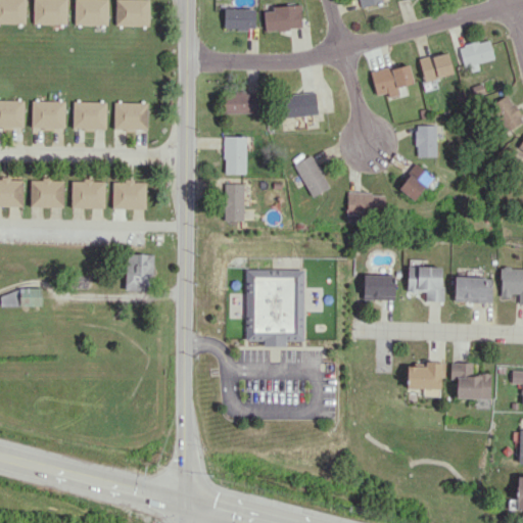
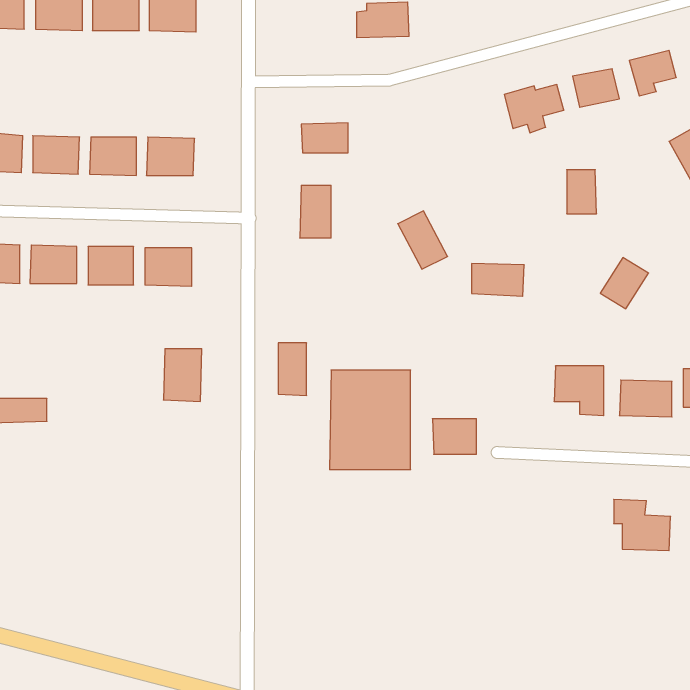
building: [225,9,256,30] -> none
building: [282,93,319,118] -> none
building: [399,164,434,201] -> [600,258,649,309]
building: [225,184,245,222] -> [278,343,307,395]
building: [364,275,395,300] -> [432,419,476,454]
building: [408,363,441,389] -> none

